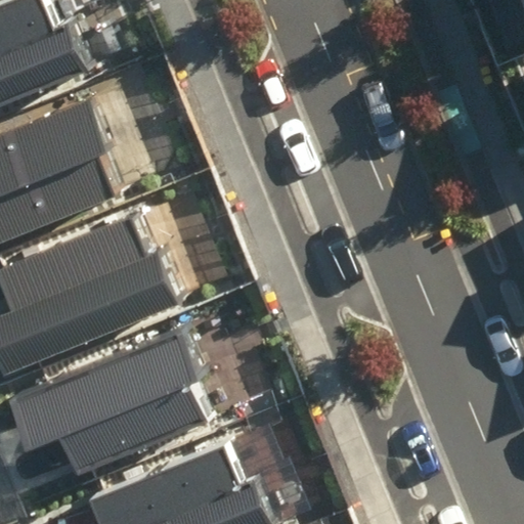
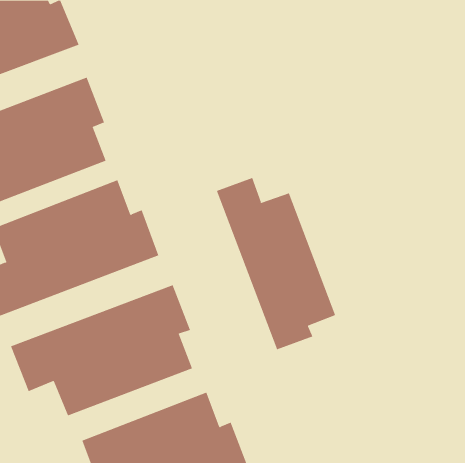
building: none -> [216,177,336,350]

